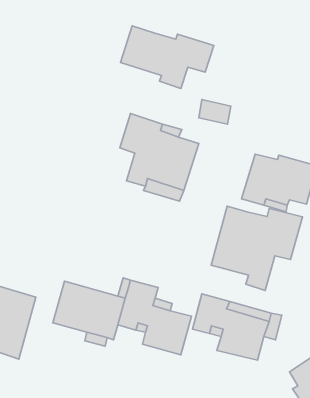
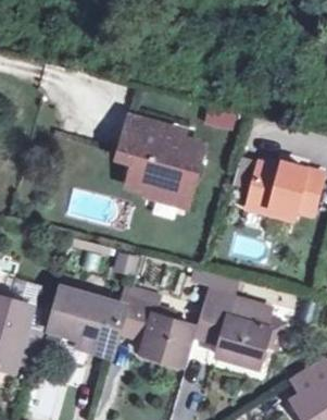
building: [120,26,214,89] -> none
building: [211,206,302,290] -> none

